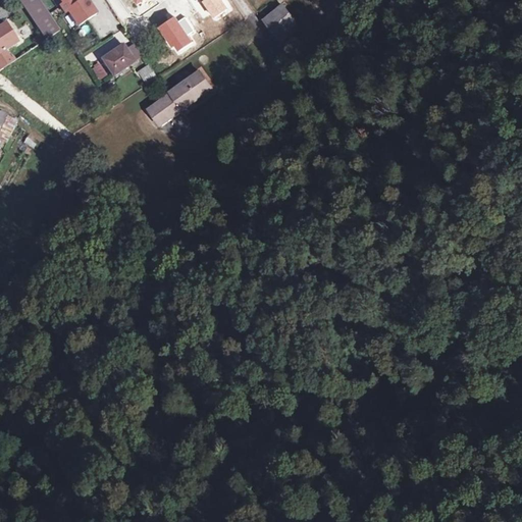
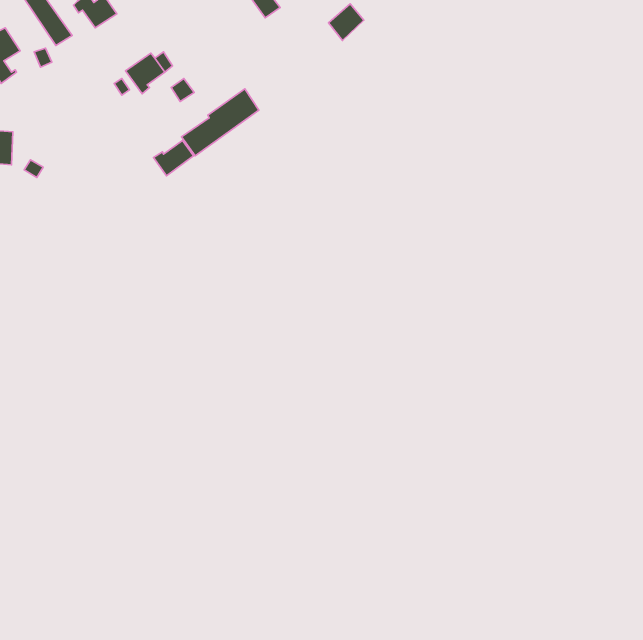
building: [159,14,193,48] -> none
building: none -> [153,140,193,176]

